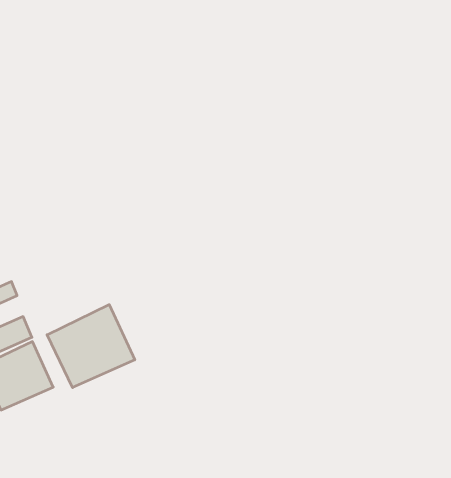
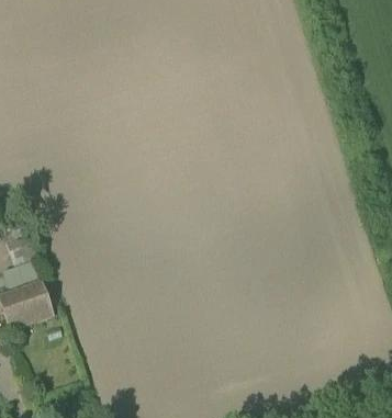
building: [47,305,135,388] -> none

